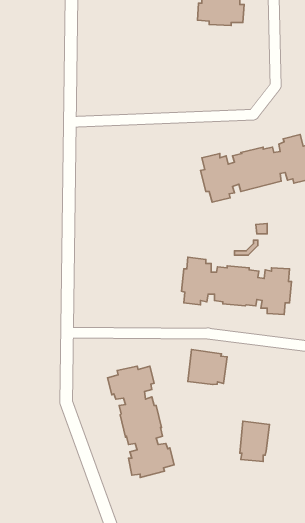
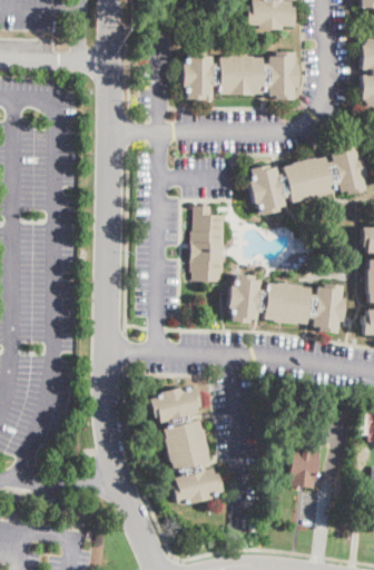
building: none -> [184,51,297,99]
building: none -> [191,206,227,282]
building: [188,350,227,384] -> none

